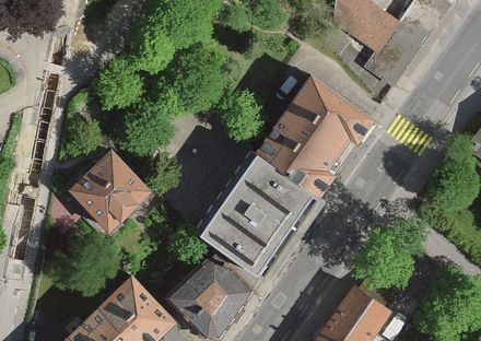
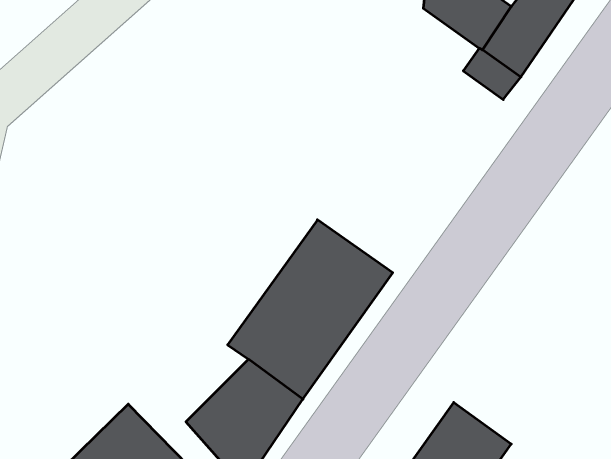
building: [259,80,371,199] -> none
building: [67,145,146,225] -> none

